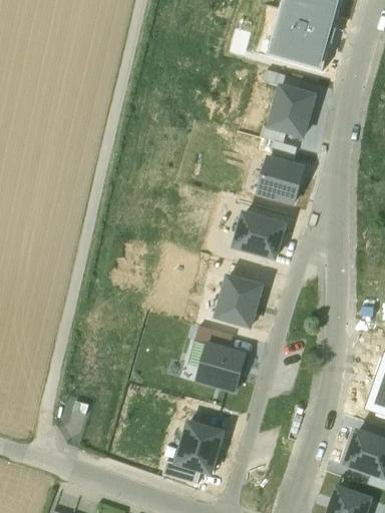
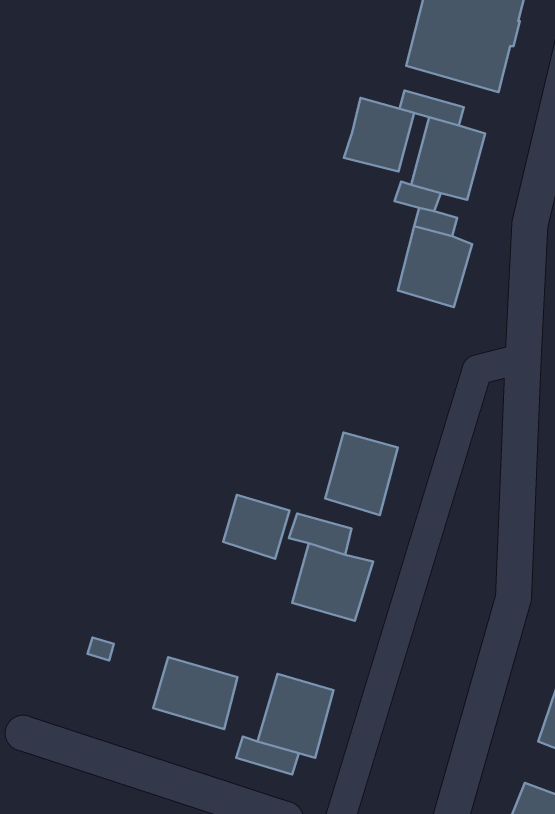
building: none -> [344,98,414,172]
building: [232,211,284,258] -> none
building: none -> [223,495,290,559]
building: none -> [153,657,238,729]

